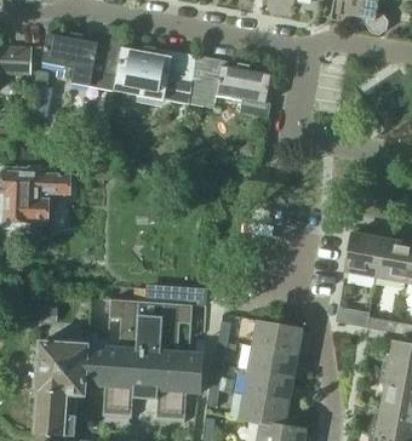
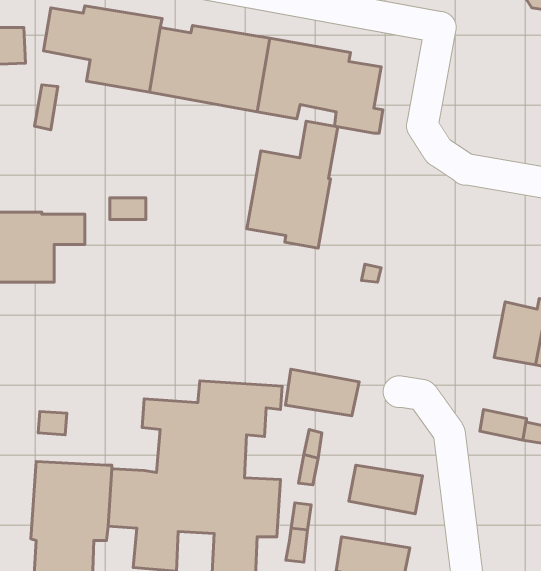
building: none -> [247,121,338,248]
building: [252,319,302,350] -> [285,369,359,416]
building: [242,367,292,399] -> none

